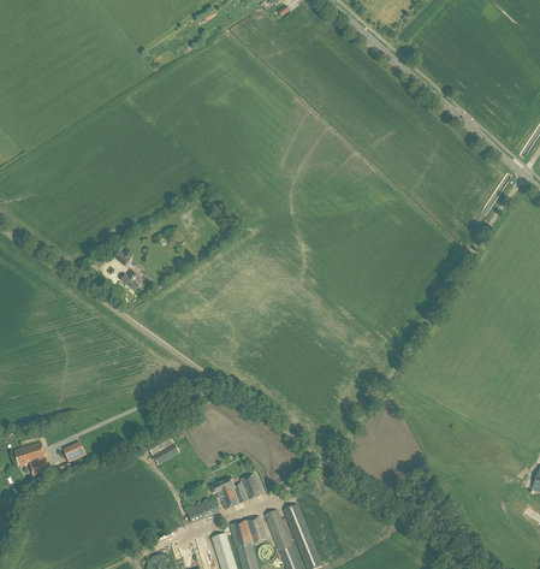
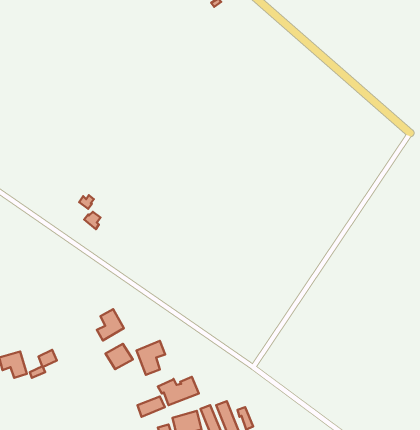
building: none -> [97,309,124,341]
building: none -> [137,341,165,375]

